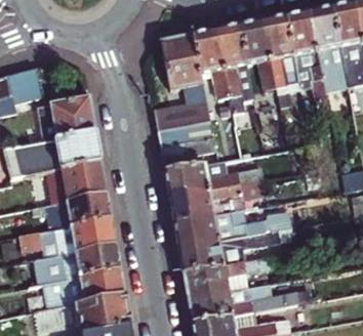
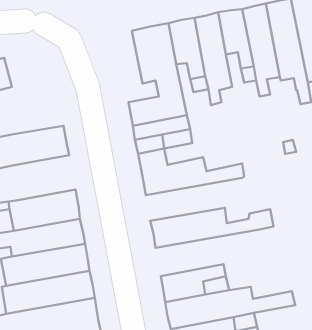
building: [39,93,94,138] -> none
building: [44,158,106,201] -> none
building: [172,179,266,220] -> none
building: [181,228,282,272] -> none

